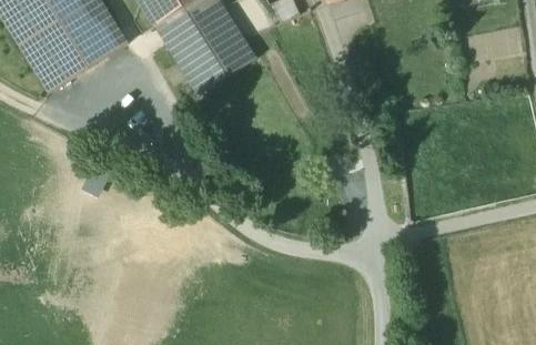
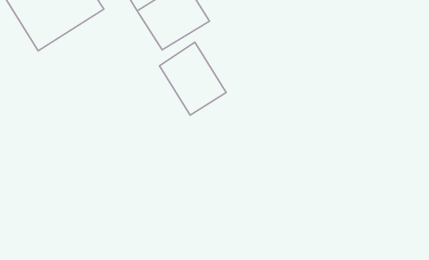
building: none -> [160,42,226,115]

